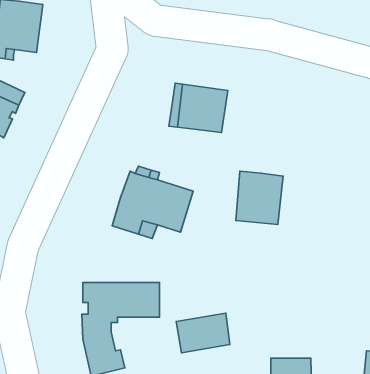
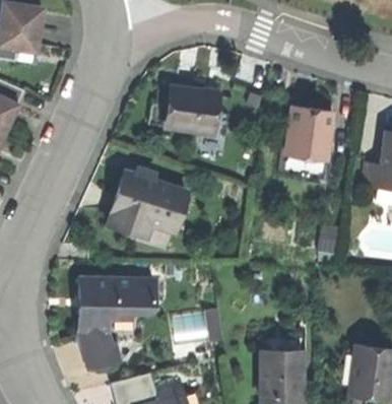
building: [236,171,283,225] -> [286,105,332,156]

